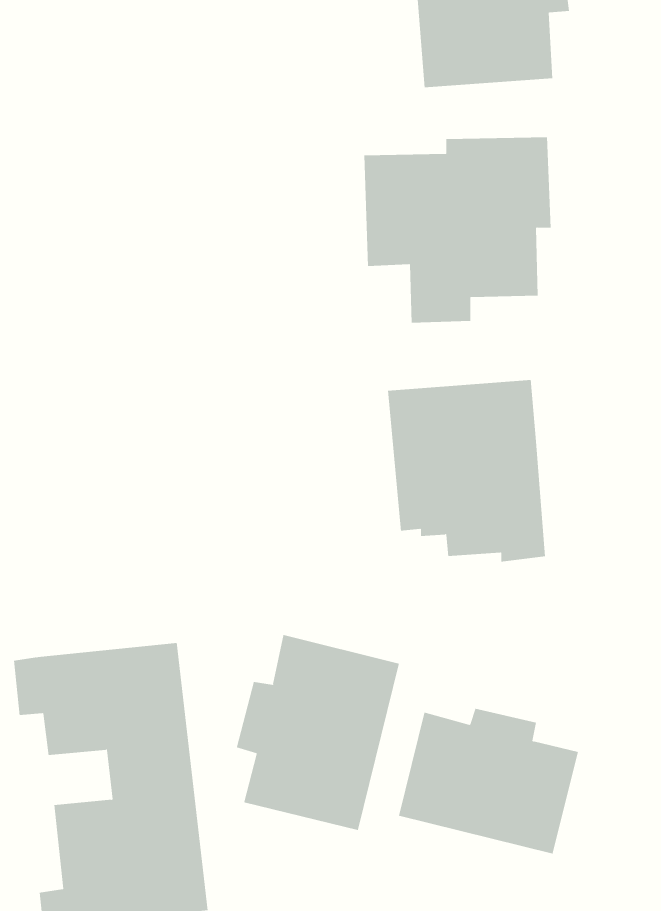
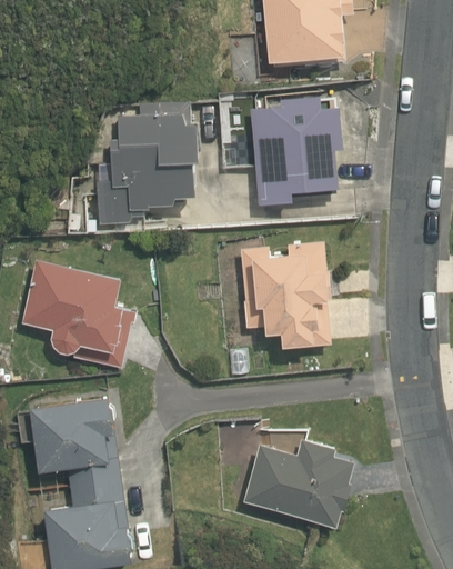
building: none -> [95,108,198,226]
building: none -> [22,256,137,375]
building: [236,634,400,831] -> none

